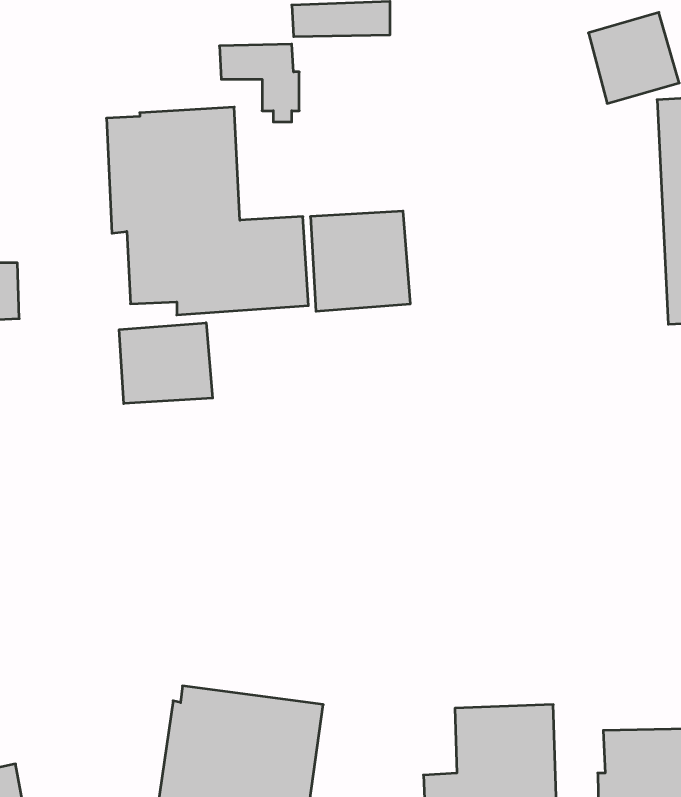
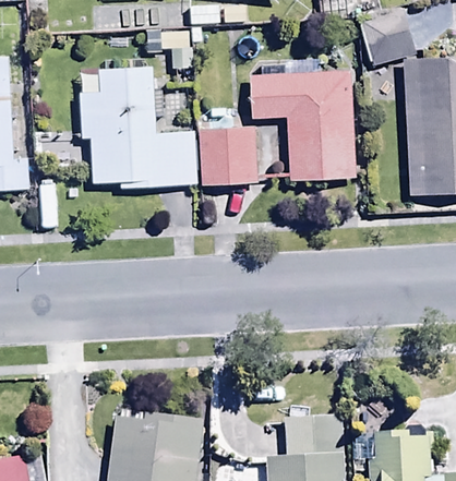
building: none -> [252,59,357,182]
building: [119,323,213,404] -> none

